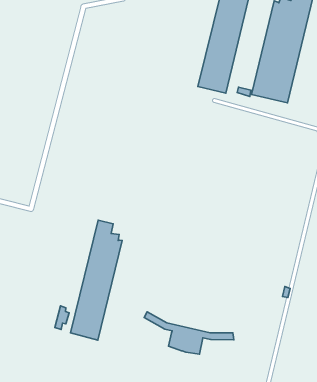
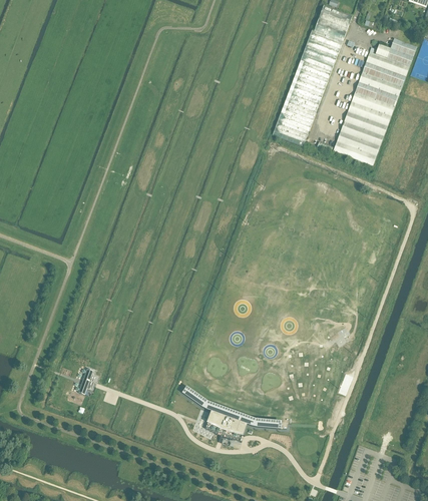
building: [71,220,122,340] -> none

